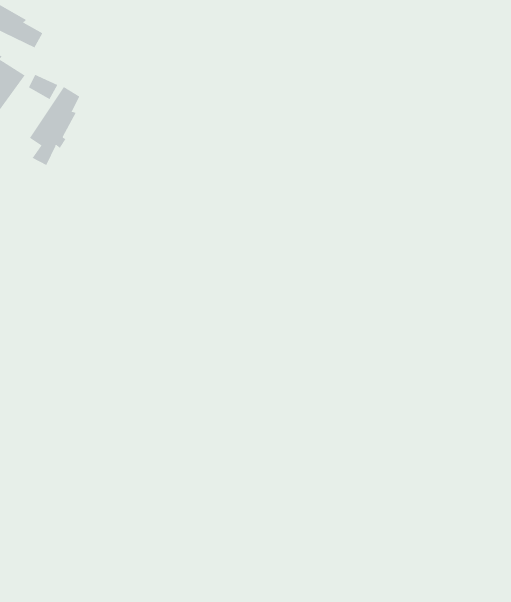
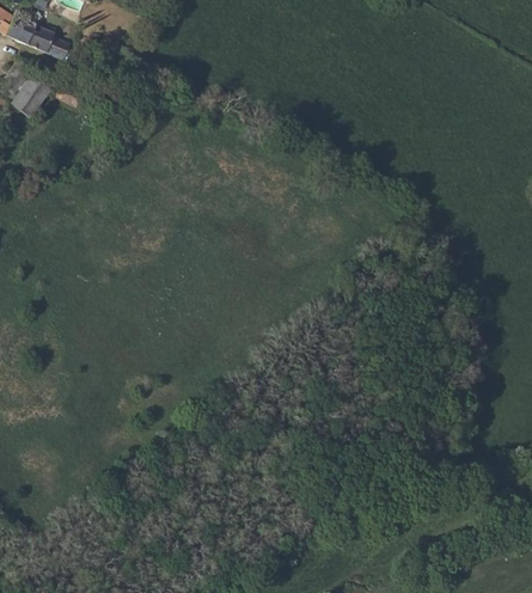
building: [29,86,80,166] -> none

